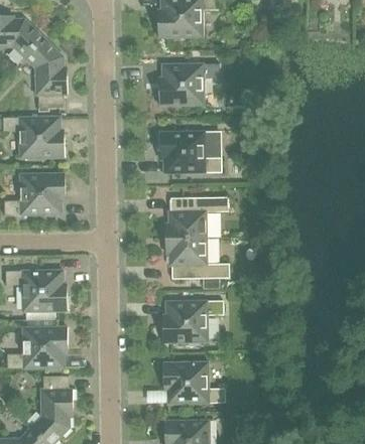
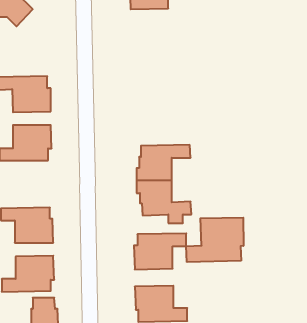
building: [23,37,67,111] -> none
building: [157,63,219,105] -> none
building: [158,131,221,173] -> none
building: none -> [186,218,243,262]

